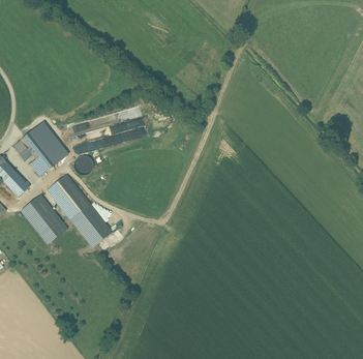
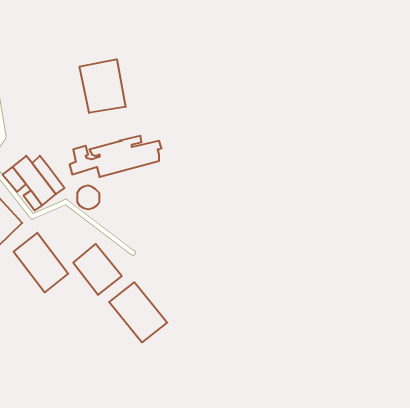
building: none -> [79,59,126,113]
building: [48,174,90,219] -> none
building: none -> [109,282,167,342]

